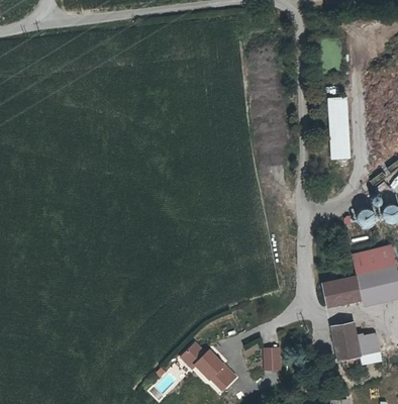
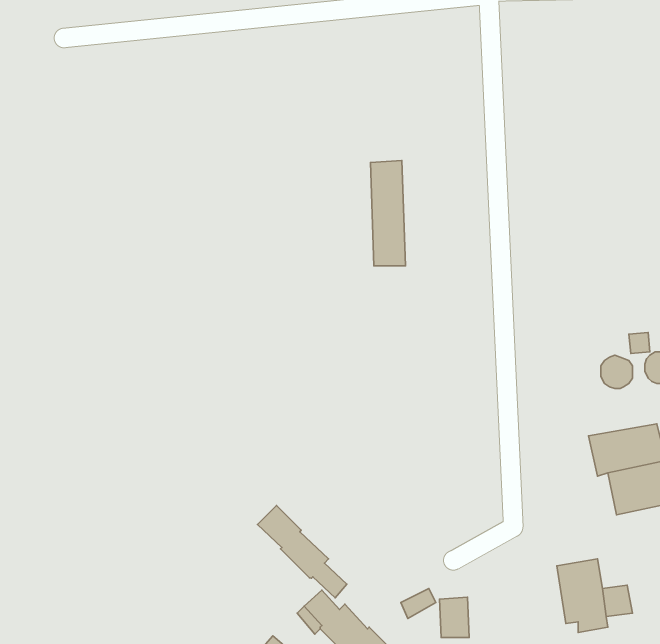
building: [333,100,354,161] -> [370,161,405,266]
building: [324,274,365,305] -> none
building: none -> [257,505,347,598]

